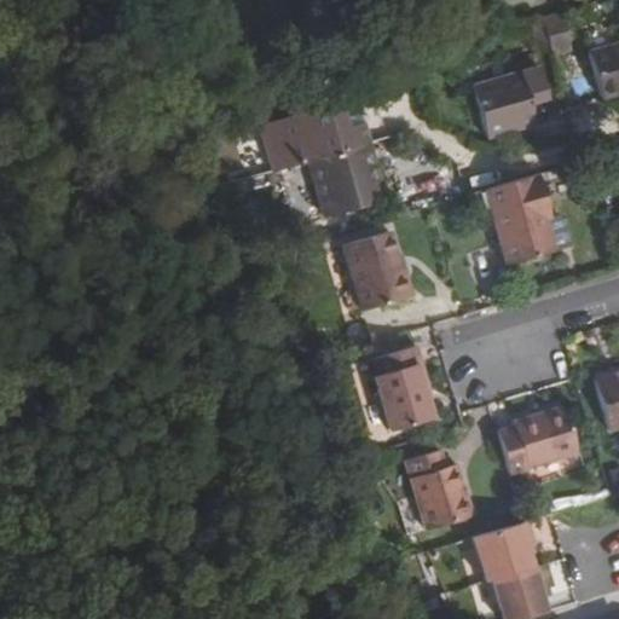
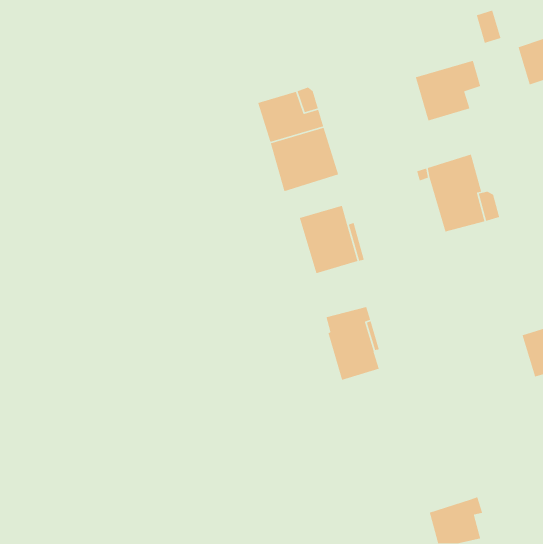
building: [260,116,308,173] -> none
building: [498,406,578,472] -> none
building: [404,451,473,532] -> none
building: [474,520,536,580] -> none

